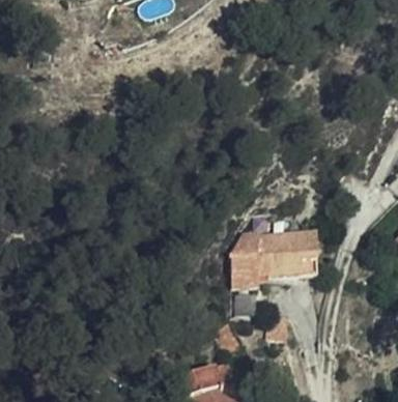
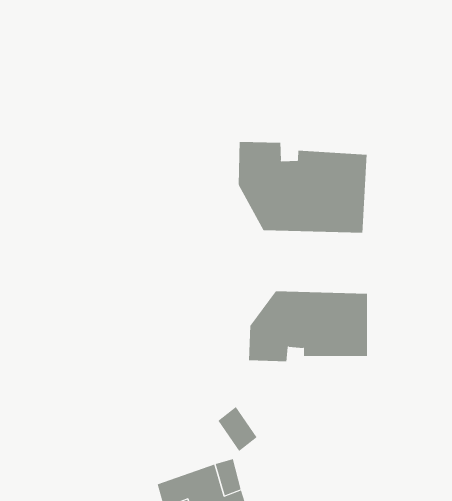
building: none -> [238,141,367,234]

